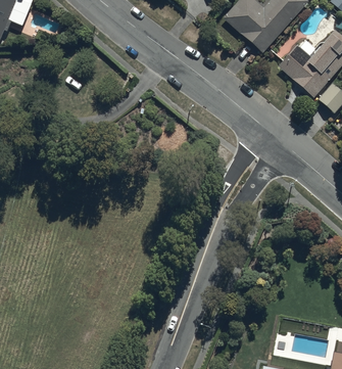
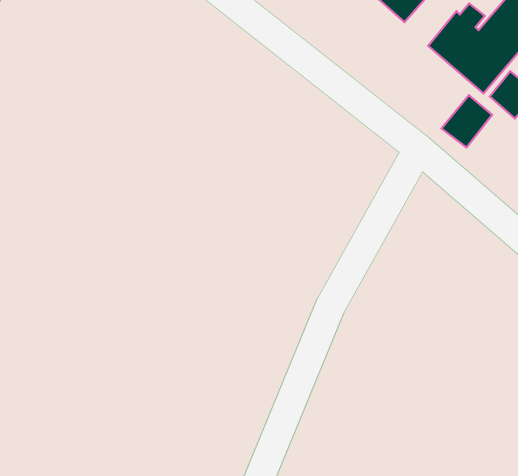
building: none -> [441,95,492,147]

